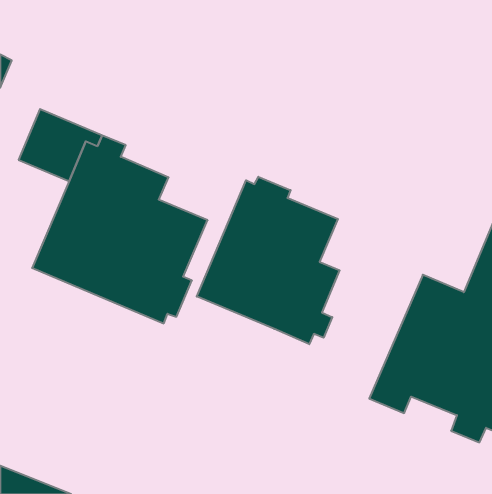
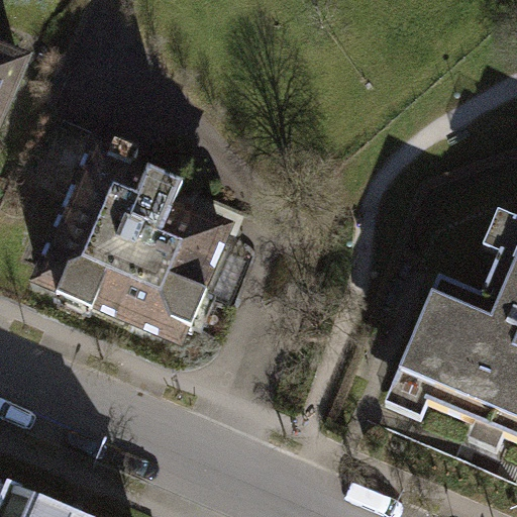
building: [197,177,340,344] -> none

